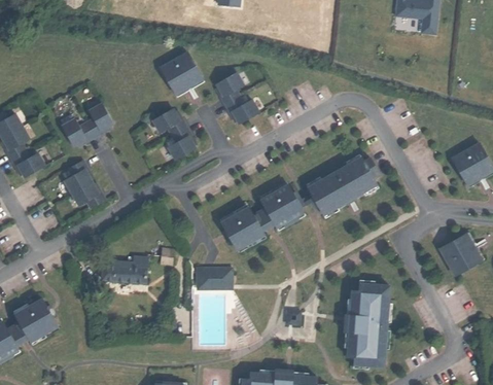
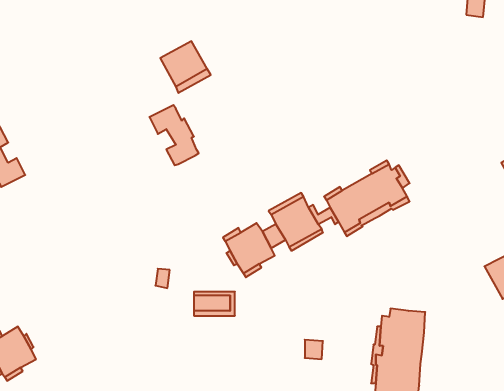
building: [216,73,258,125] -> none
building: [64,104,116,147] -> none
building: [65,160,106,209] -> none
building: [99,256,146,282] -> none

